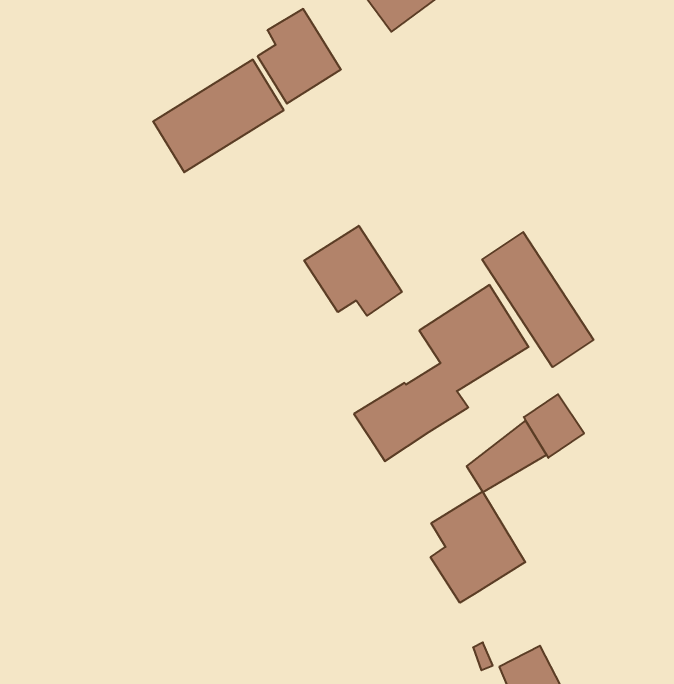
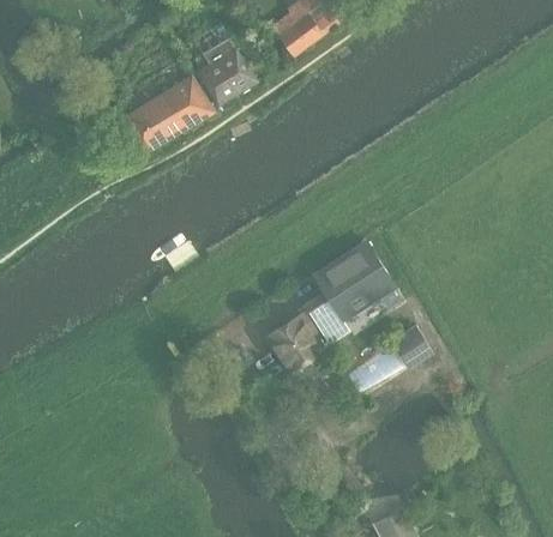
building: [304,226,402,316] -> none
building: [482,232,593,367] -> none
building: [431,492,525,603] -> none

